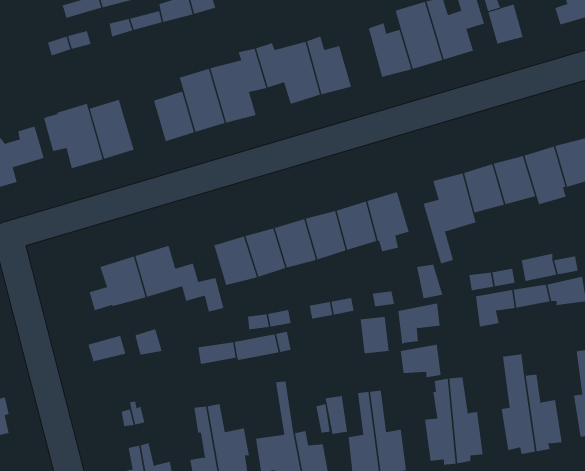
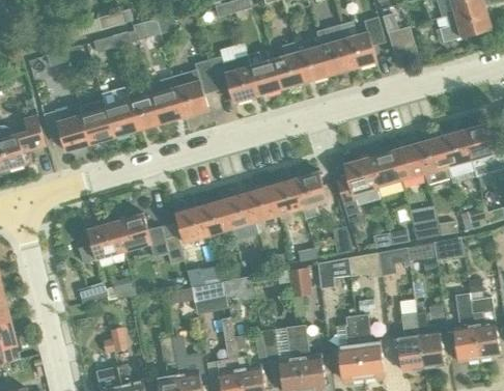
building: none -> [273,41,305,90]
building: none -> [105,101,138,139]
building: [400,344,442,378] -> [348,252,381,278]

